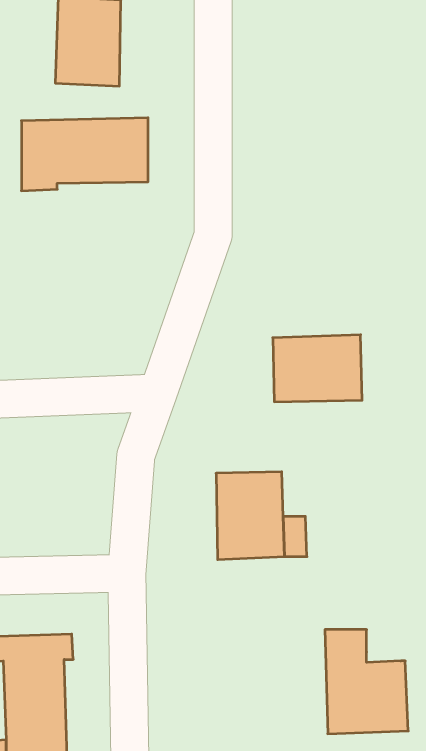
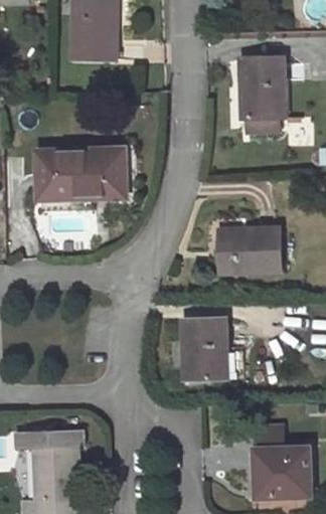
building: none -> [238,58,286,134]
building: [21,118,148,191] -> [39,151,125,200]

